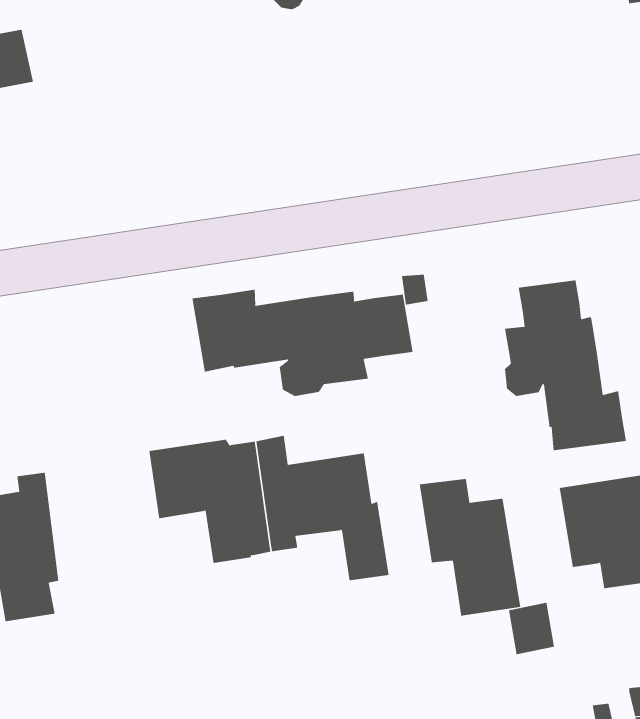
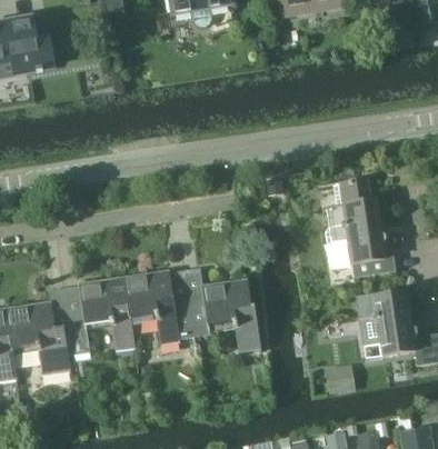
building: [192,289,413,397] -> none
building: none -> [64,278,133,352]
building: [419,478,521,616] -> none

